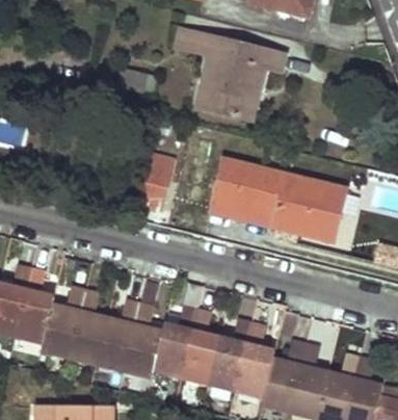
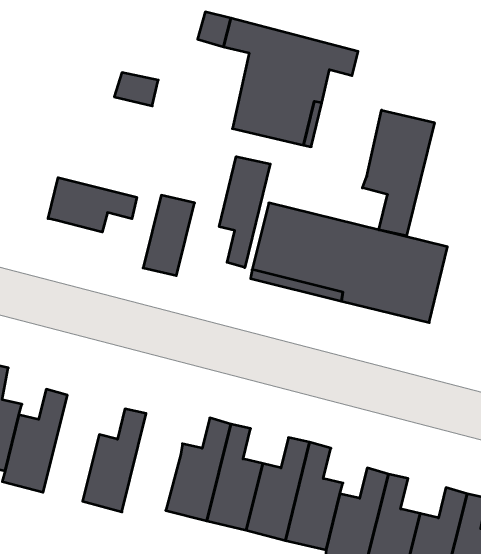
building: none -> [362,110,434,236]
building: none -> [219,157,270,268]
building: none -> [48,178,137,232]
building: [69,290,107,363] -> none
building: [123,303,163,376] -> none

